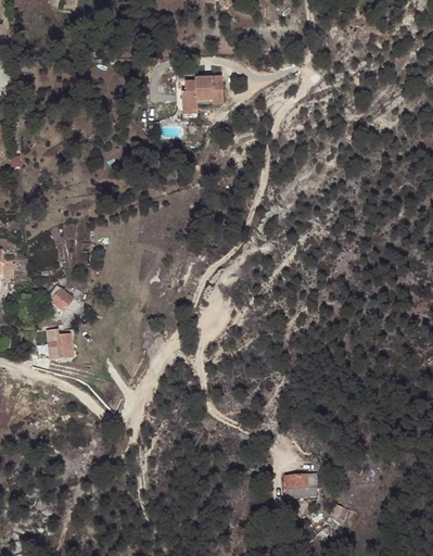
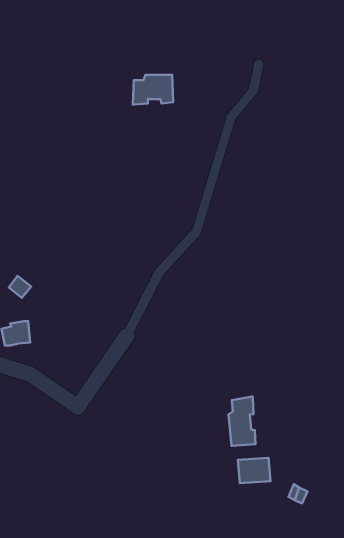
building: none -> [229,396,255,446]

